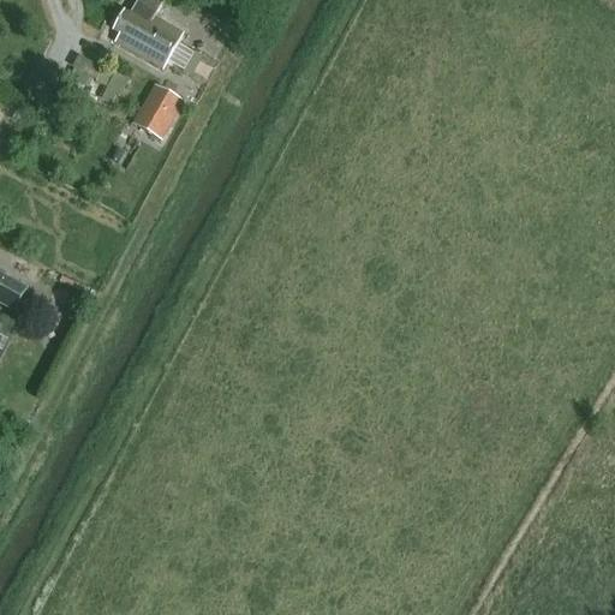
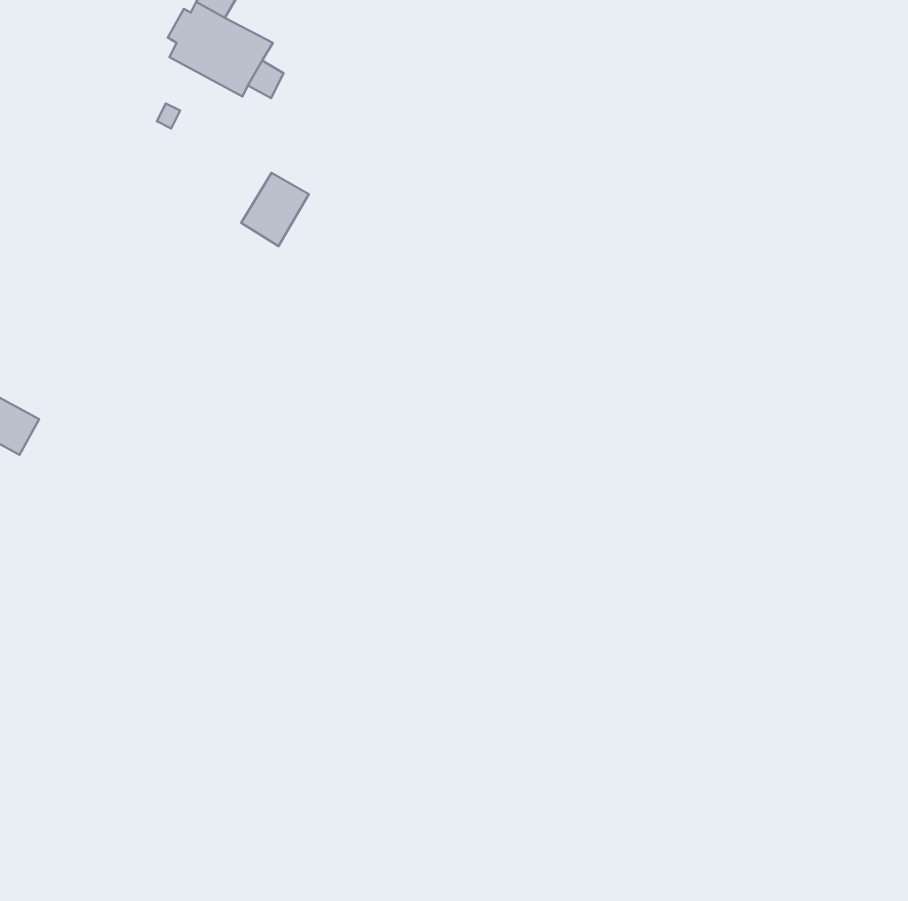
building: [135,89,180,138] -> [241,173,309,246]

